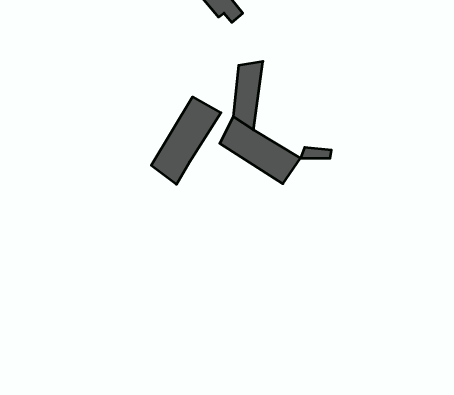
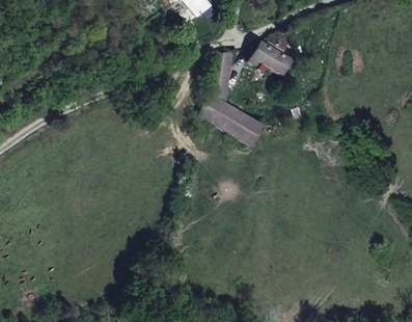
building: none -> [249,33,290,74]
building: [151,97,221,184] -> none

